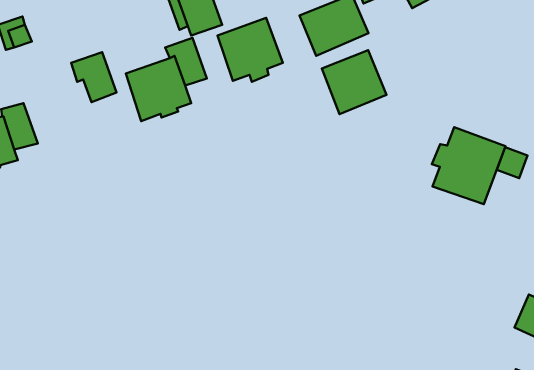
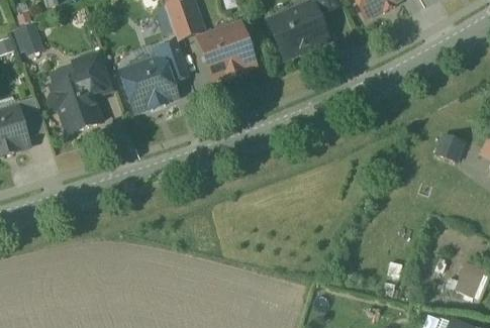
building: [322,50,387,114] -> none
building: none -> [48,76,101,132]
building: [432,127,505,204] -> none

